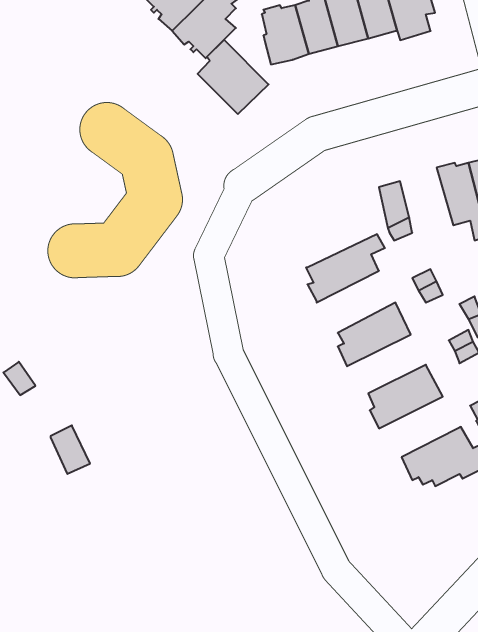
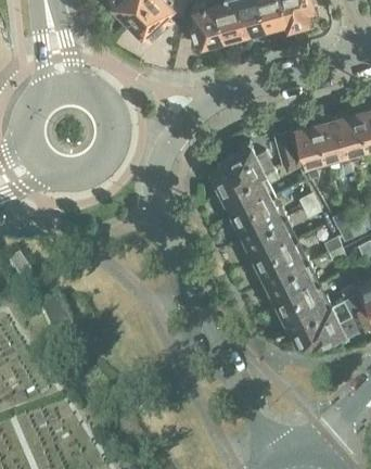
building: [198,40,269,114] -> none
building: none -> [295,122,328,180]
building: none -> [215,143,274,193]
building: none -> [230,195,286,240]
building: none -> [252,241,308,283]
building: none -> [274,286,331,330]

